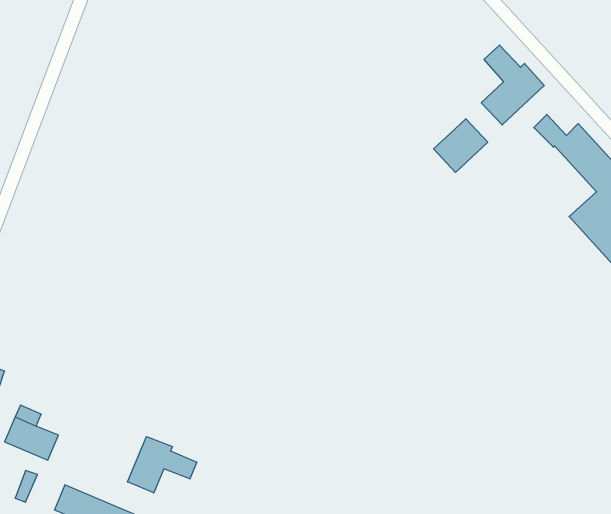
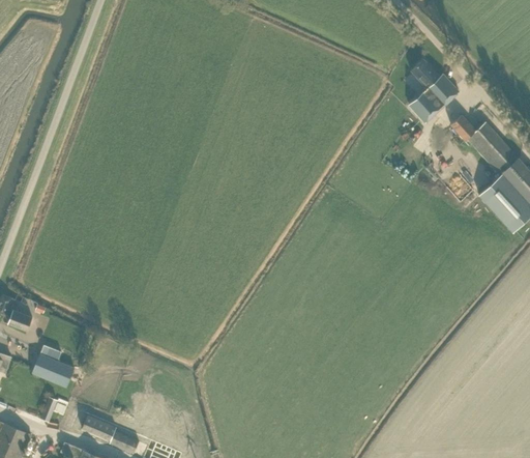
building: [434,119,488,172] -> none
building: [127,437,197,493] -> none

